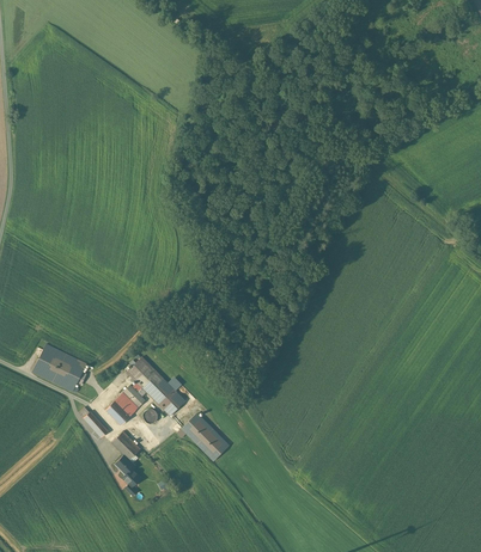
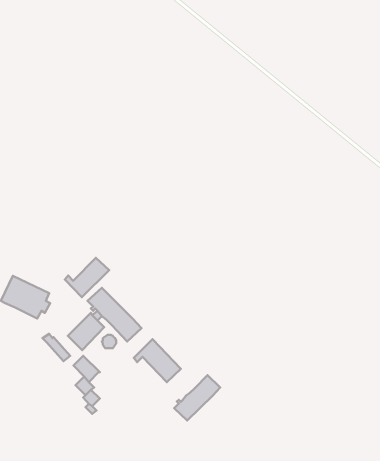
building: none -> [65,258,109,297]
building: none -> [174,375,220,420]

